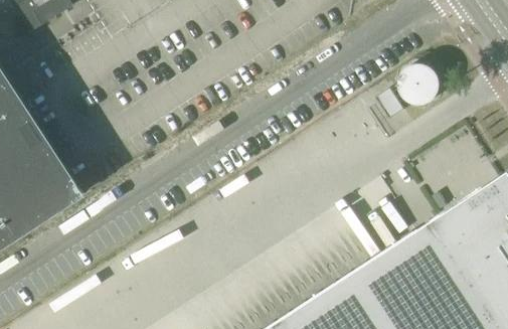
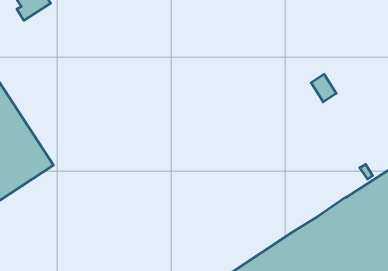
building: [398,64,439,105] -> none

